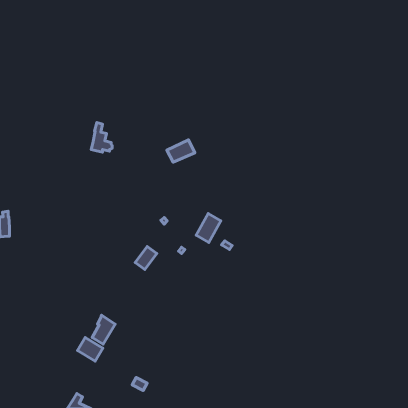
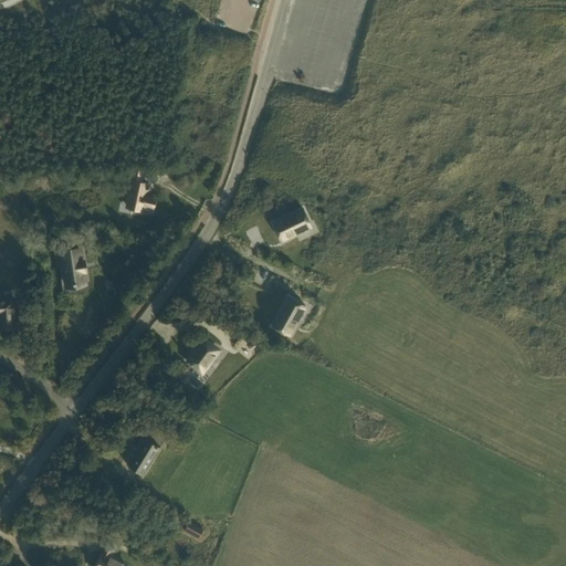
building: [167,140,195,162] -> [272,210,311,241]
building: none -> [61,252,85,286]
building: [77,337,103,361] -> none

